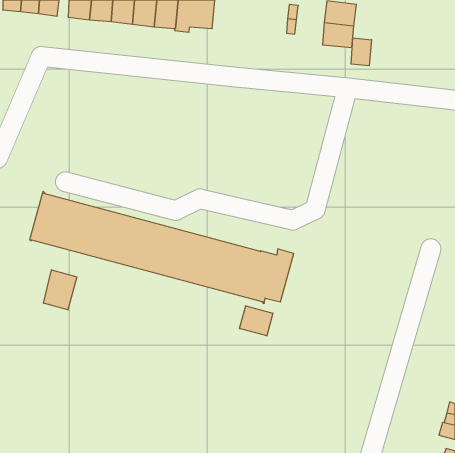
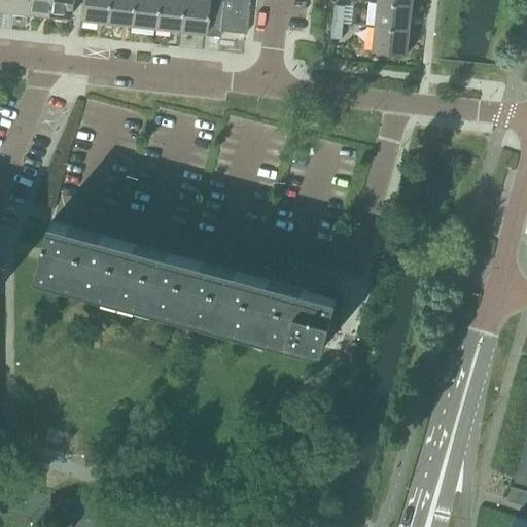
building: [351,38,372,66] -> none
building: [44,270,77,310] -> none
building: [240,306,273,336] -> none

